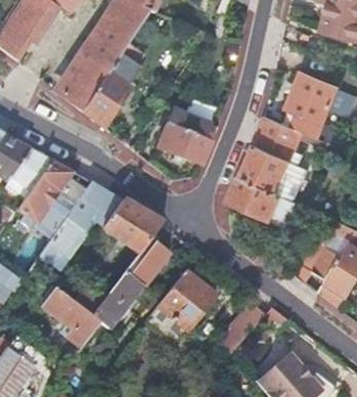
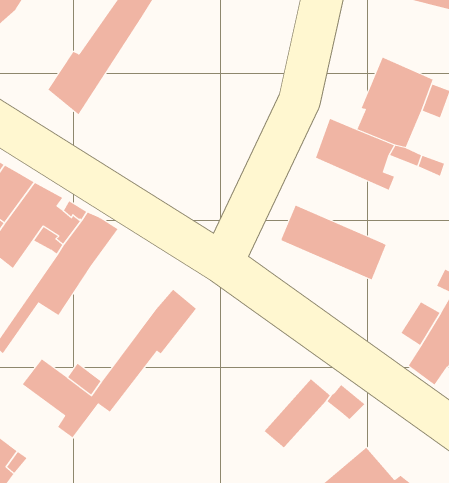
building: [83,44,142,129] -> none
building: [171,108,223,166] -> none
building: [238,144,315,206] -> none
building: [92,195,161,253] -> none
building: [144,271,216,345] -> none

